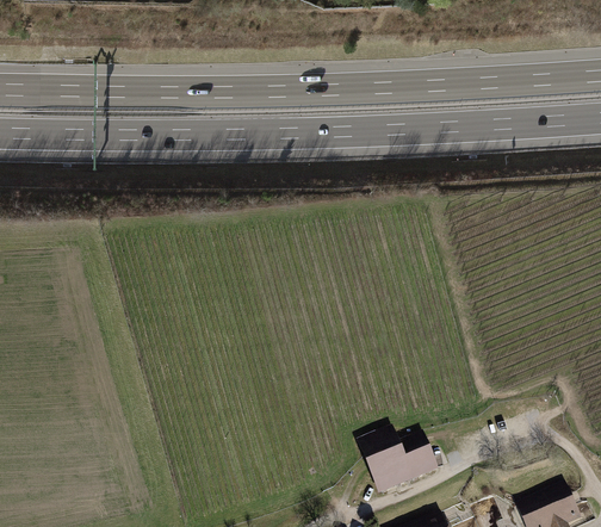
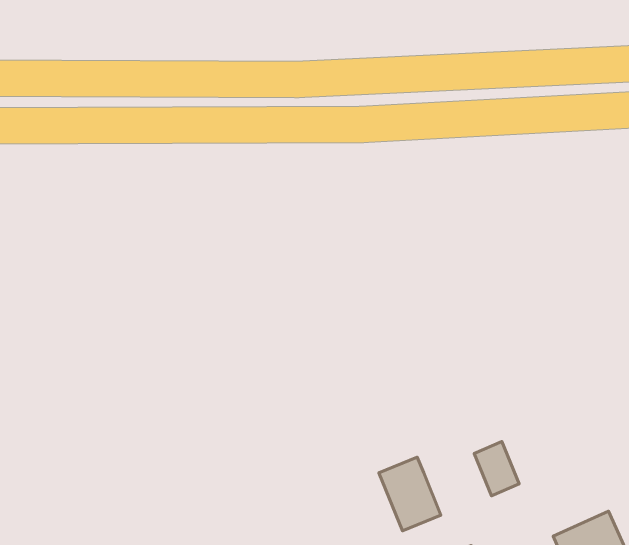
building: [398,434,439,483] -> [474,442,519,496]

